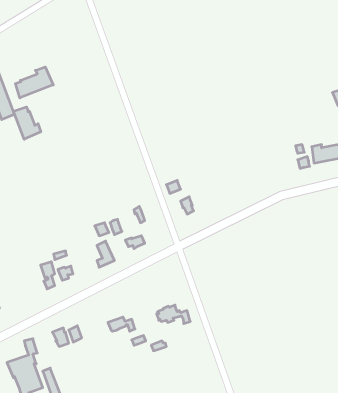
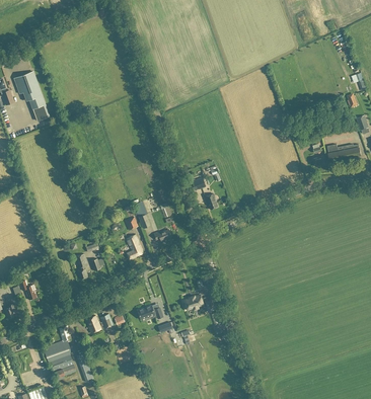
building: [15,67,53,98] -> none
building: [13,107,41,139] -> none

